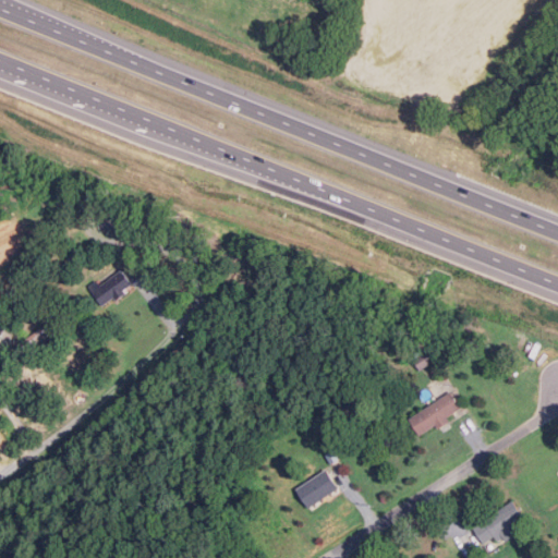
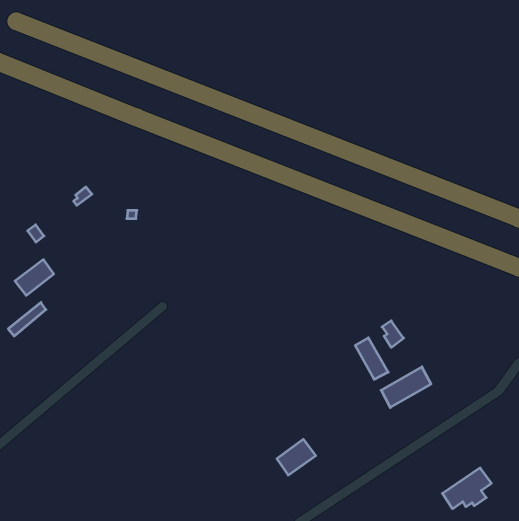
building: [89,270,131,308] -> [15,260,54,295]
building: none -> [355,338,388,379]

